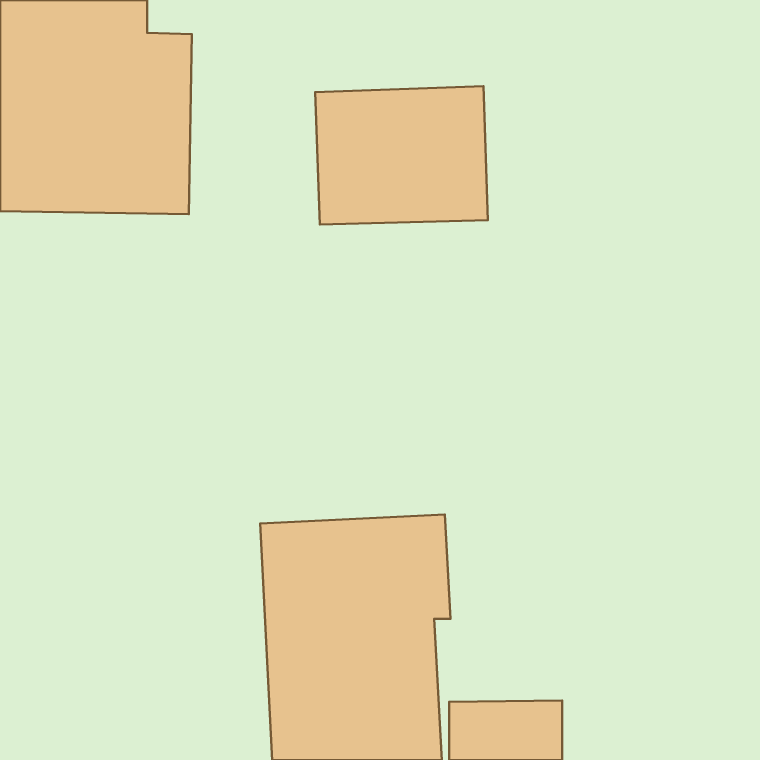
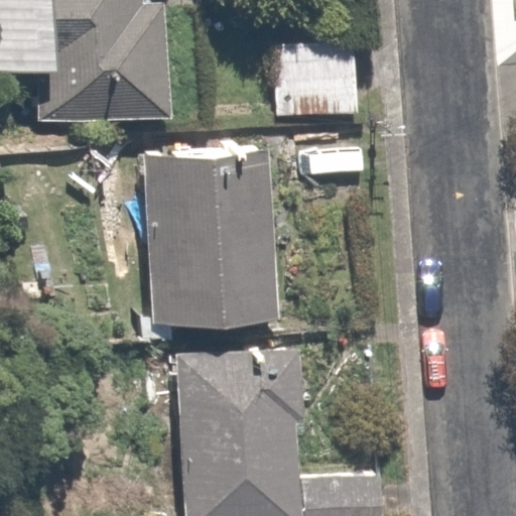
building: none -> [146,153,280,324]

